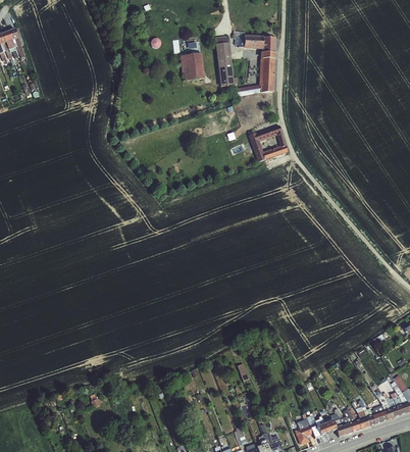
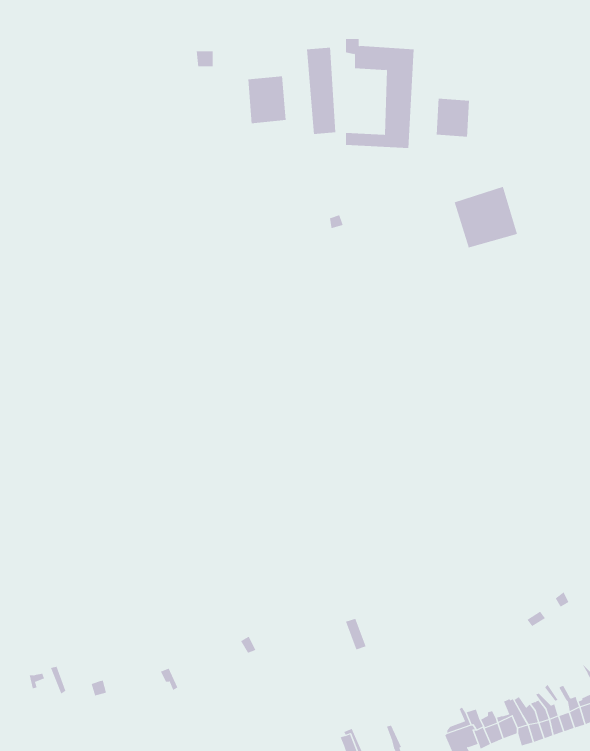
building: none -> [436,98,470,138]
building: [251,124,288,160] -> [454,186,518,248]

